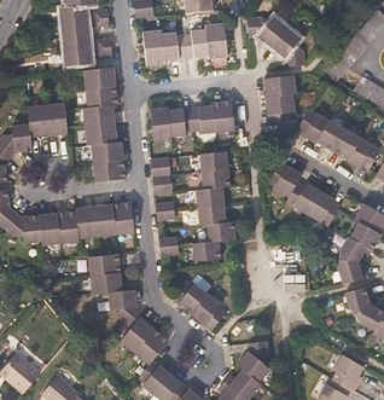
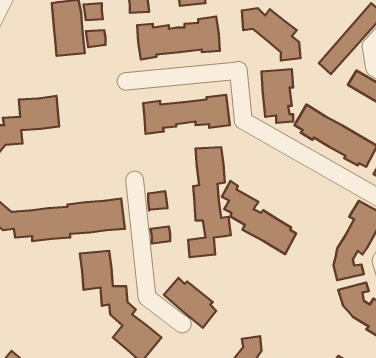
building: [83,63,124,181] -> none
building: [266,153,339,226] -> [222,181,296,254]
building: [150,155,171,190] -> none

